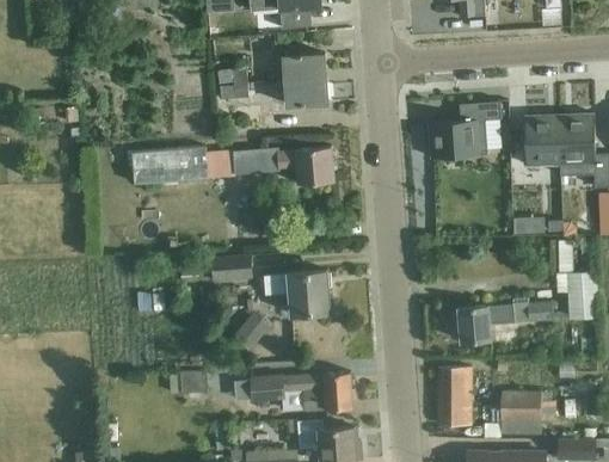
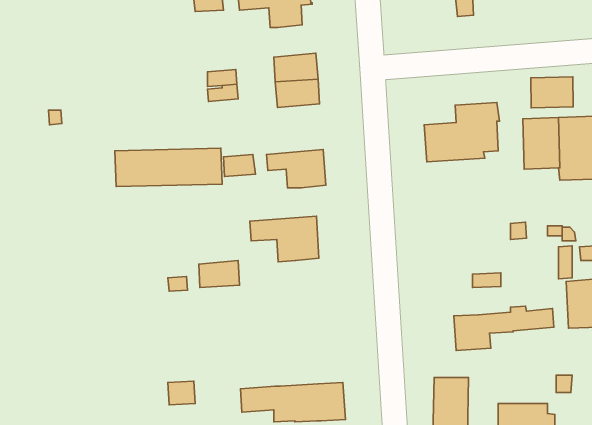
building: none -> [531,77,573,108]
building: [262,271,328,315] -> [250,216,319,262]
building: [233,313,271,351] -> none

